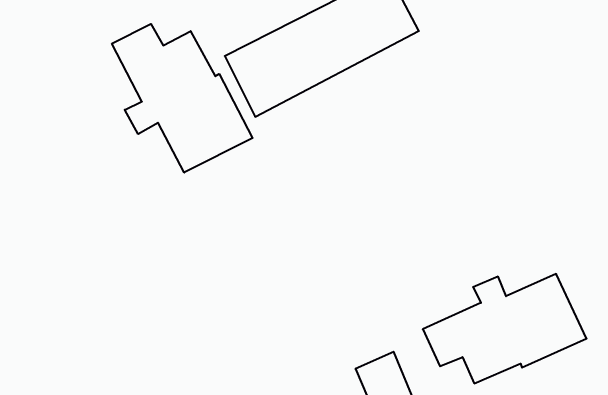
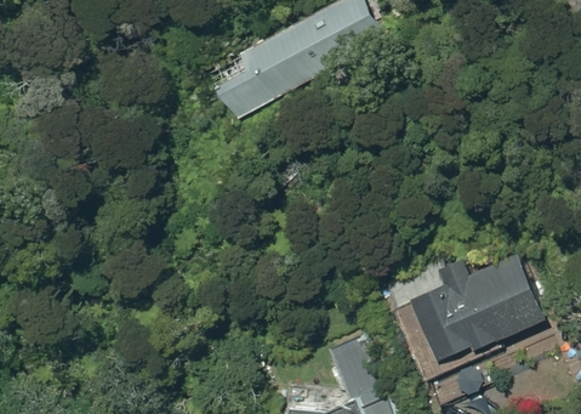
building: [112,24,253,173] -> none

